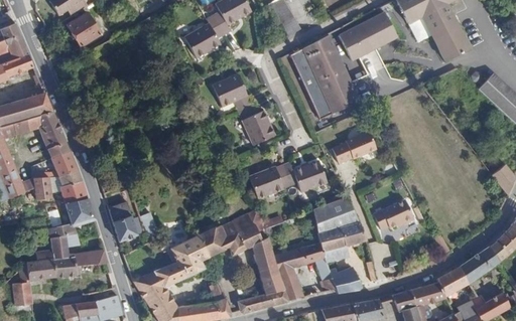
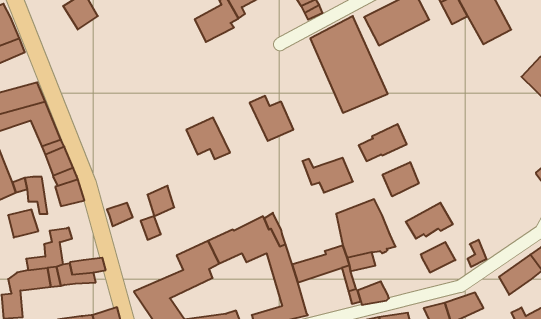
building: [210,73,249,111] -> [186,118,230,159]
building: [249,163,290,197] -> none
building: none -> [383,162,419,196]
building: [66,198,93,223] -> [8,210,38,238]
building: [112,213,136,240] -> [147,186,174,216]
building: [436,267,468,294] -> [421,242,456,272]
building: [280,274,302,300] -> none

